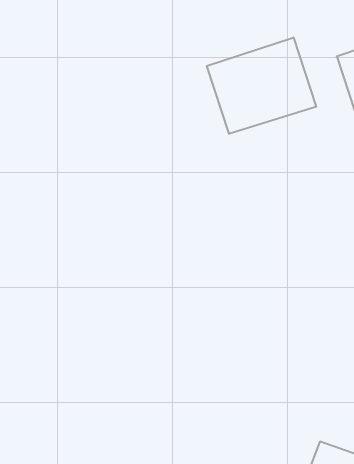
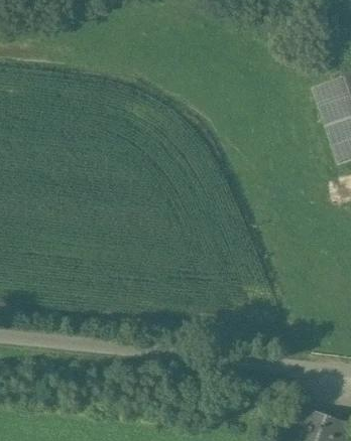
building: [207,37,316,134] -> none

